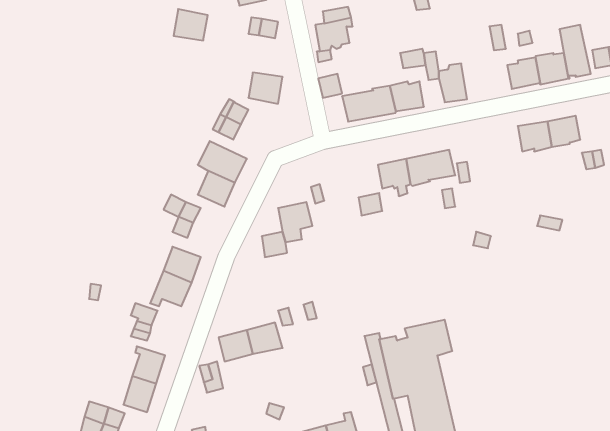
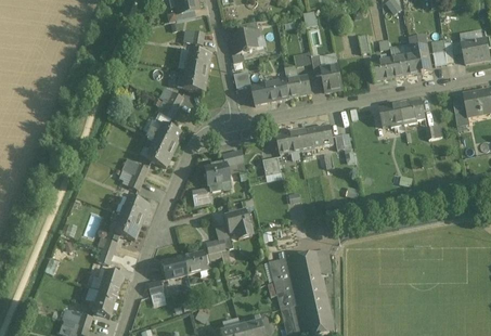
building: [174,9,208,40] -> [185,49,210,72]
building: none -> [223,208,251,237]

